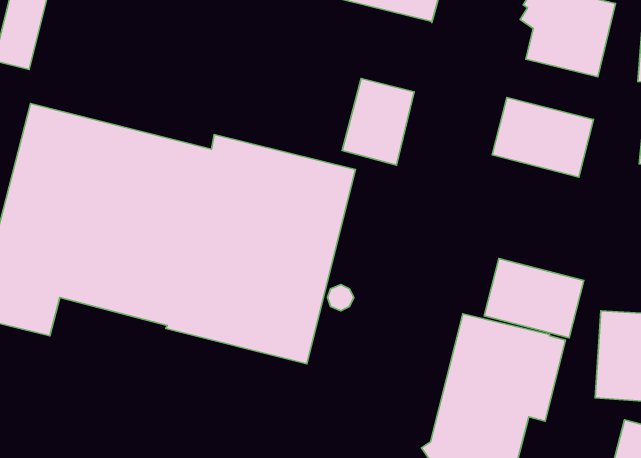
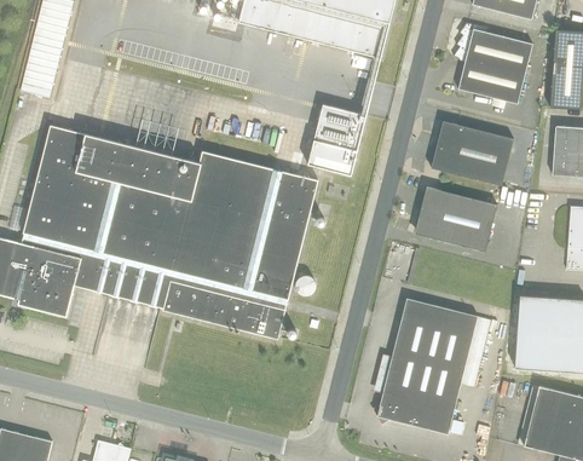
building: [484,258,584,338] -> [415,185,497,250]

